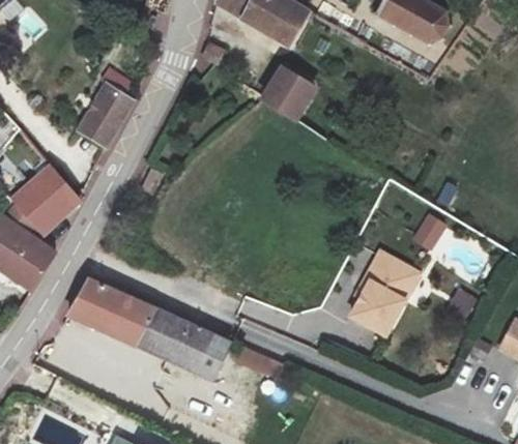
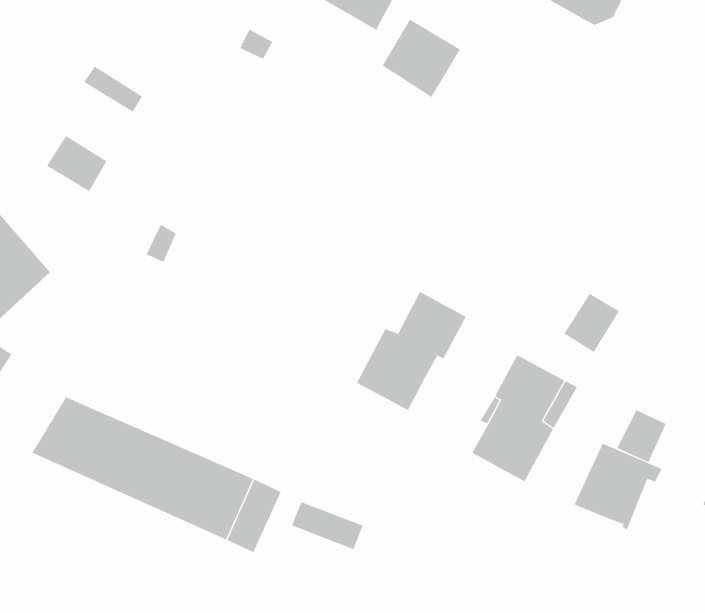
building: [263,68,314,119] -> [382,19,461,98]
building: [90,83,133,128] -> none
building: none -> [356,291,467,411]
building: none -> [574,443,662,530]

